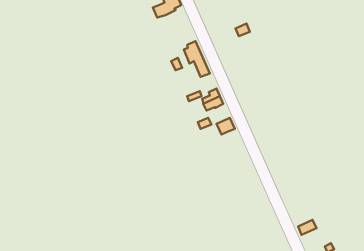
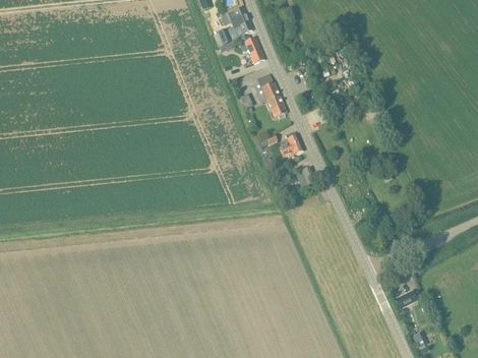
building: none -> [236,34,263,65]

